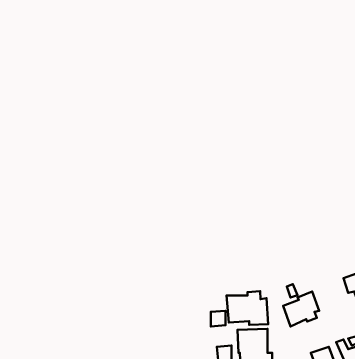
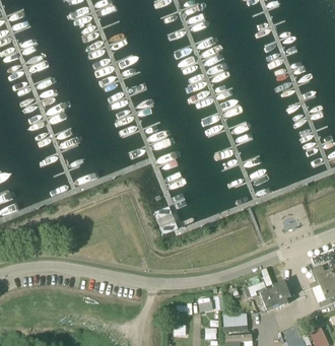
building: [226,291,268,325] -> none

